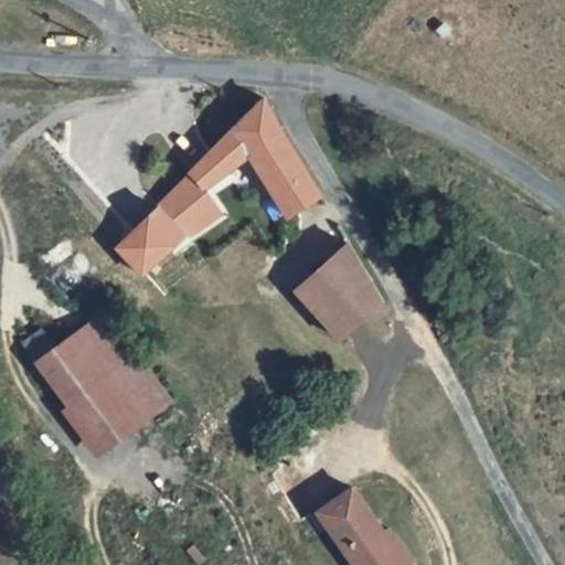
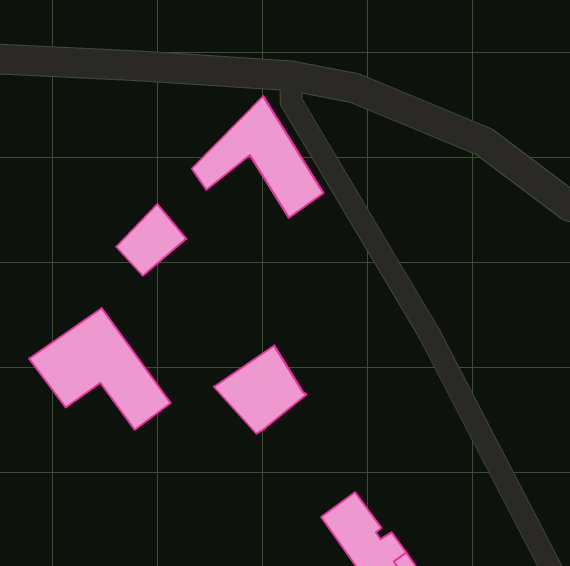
building: [156,171,218,241] -> none
building: [295,253,386,340] -> [214,345,306,434]
building: [65,383,134,454] -> none

